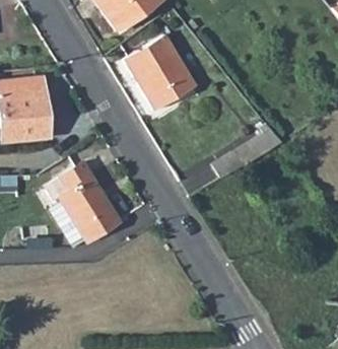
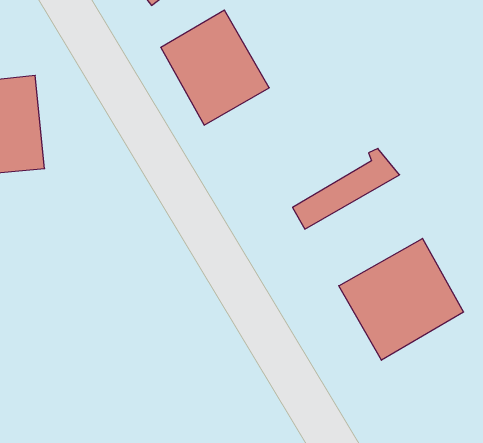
building: [46,162,121,247] -> none
building: none -> [339,238,464,360]

